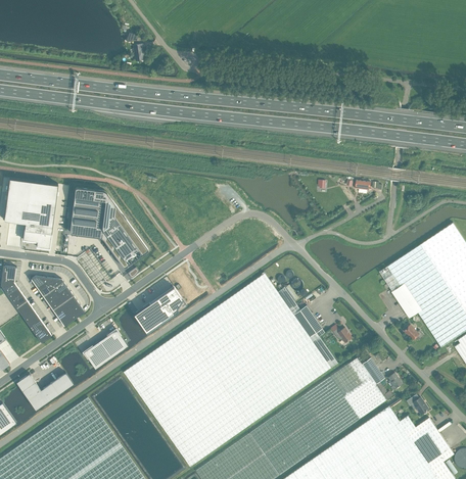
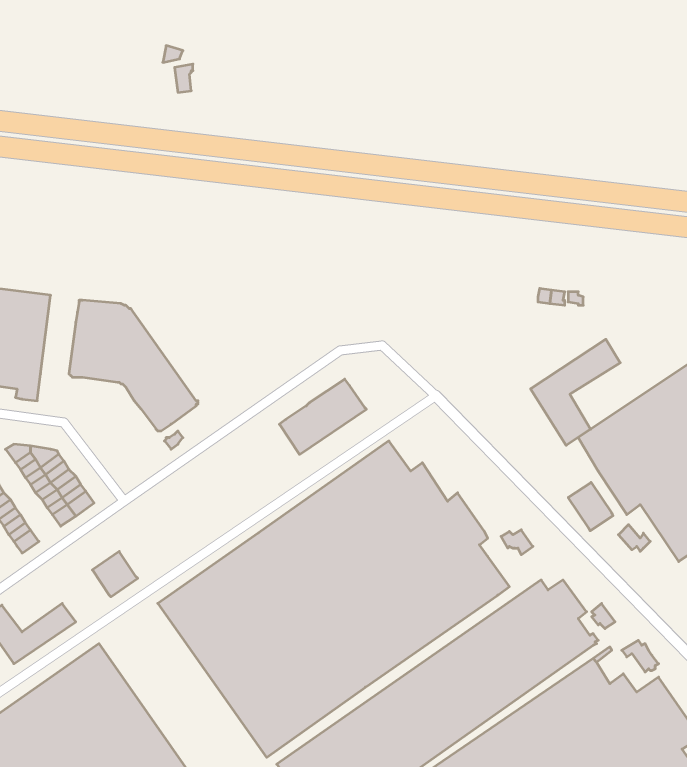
building: none -> [531,339,620,445]
building: [133,287,186,333] -> [279,379,366,454]
building: none -> [568,482,613,531]
building: [99,330,127,357] -> none

